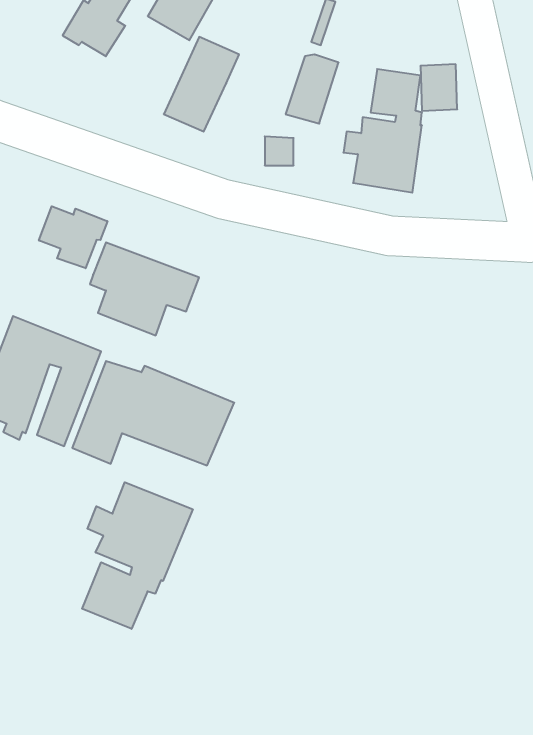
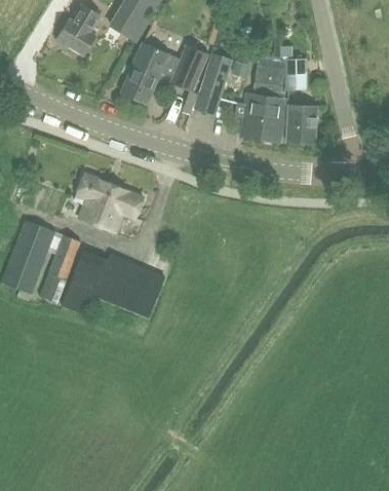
building: none -> [160,43,208,91]
building: none -> [285,104,316,142]
building: [39,206,107,268] -> none
building: [82,482,193,629] -> none

